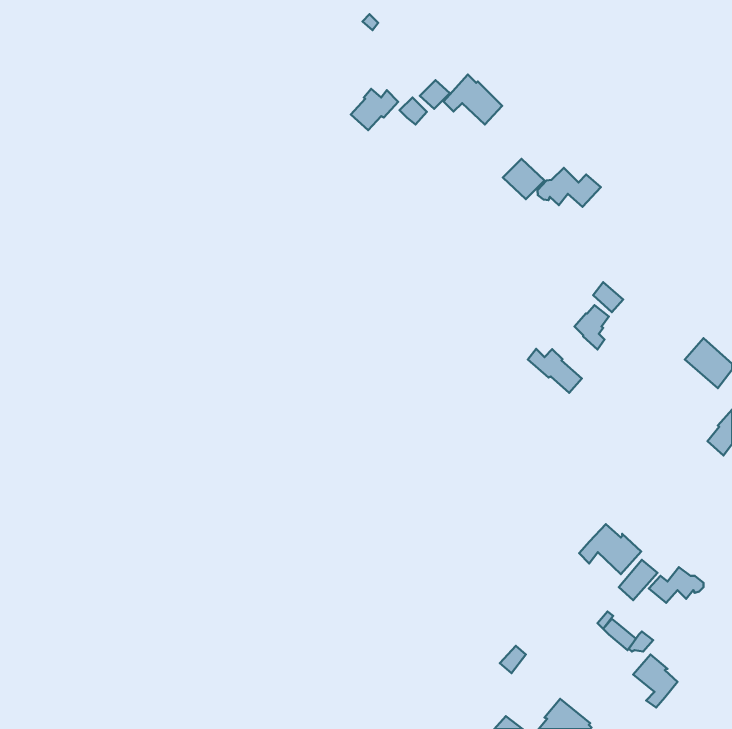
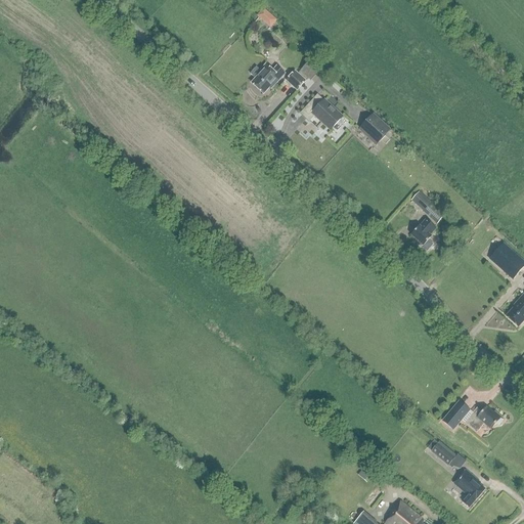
building: [443,74,502,125] -> [300,93,342,129]
building: [538,168,601,207] -> none
building: [528,349,582,393] -> none
building: [579,524,641,574] -> none

